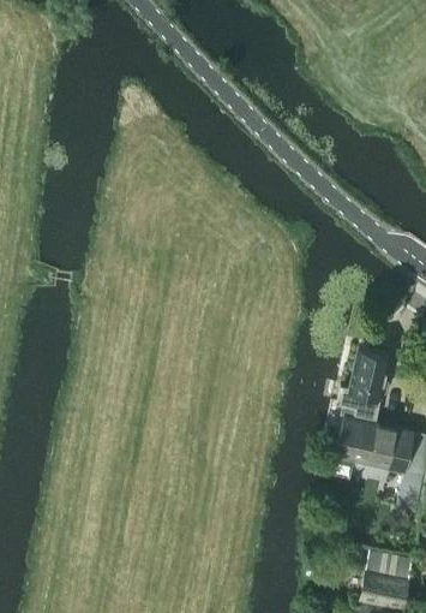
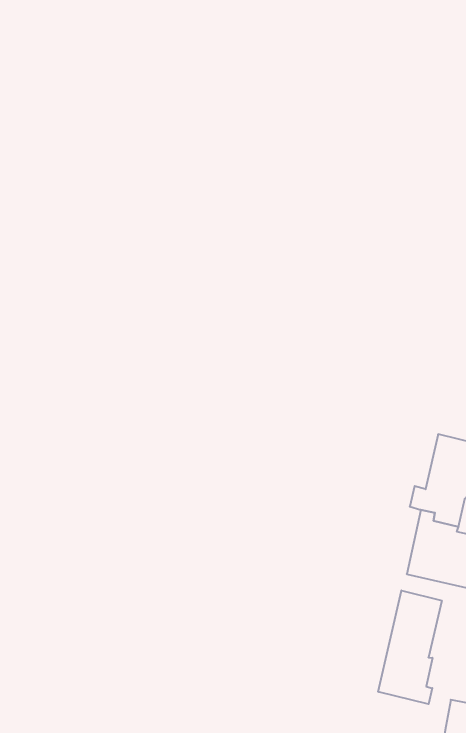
building: none -> [378,590,442,704]

